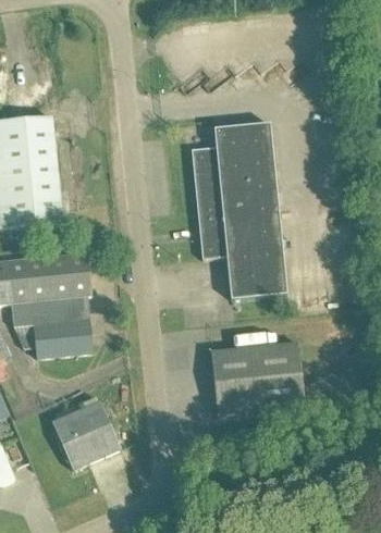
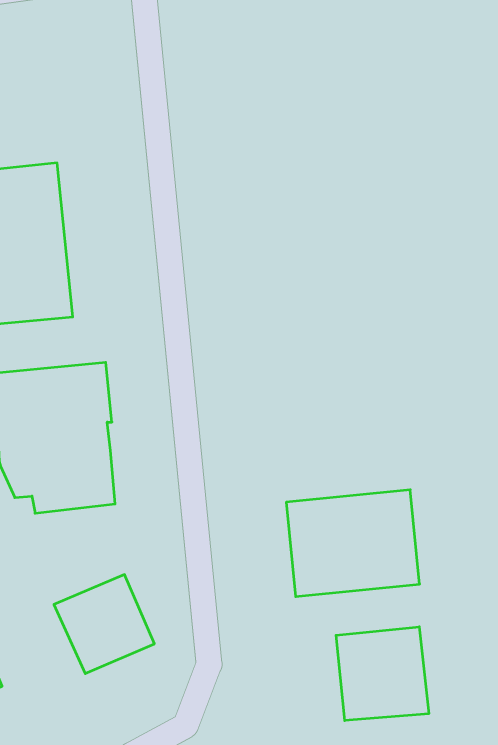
building: [192,122,286,299] -> none
building: none -> [336,627,429,721]

